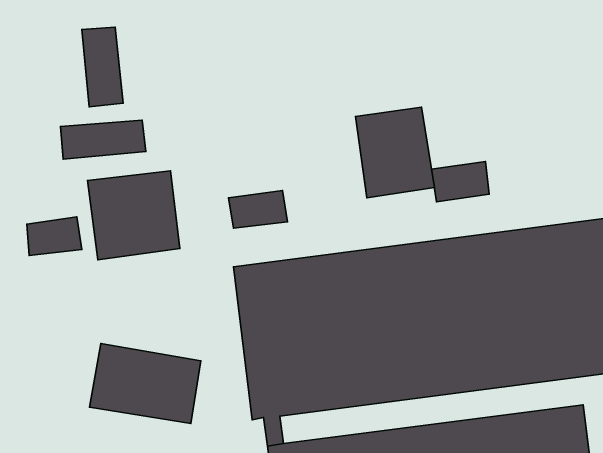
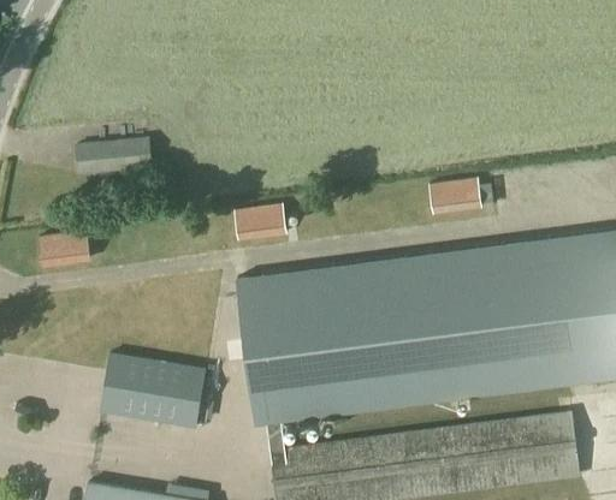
building: [82,27,123,107] -> none
building: [355,107,434,198] -> none
building: [88,171,180,260] -> none

